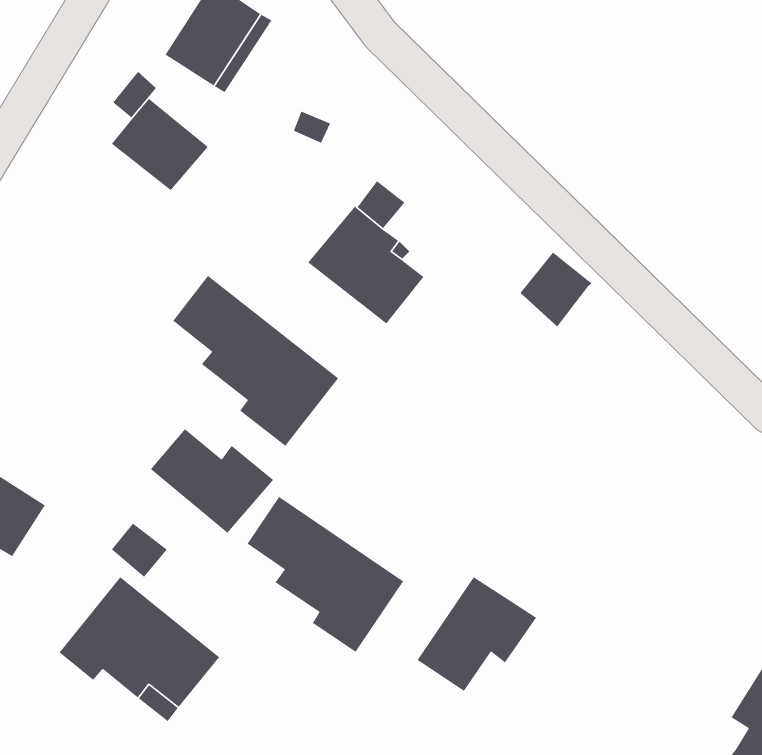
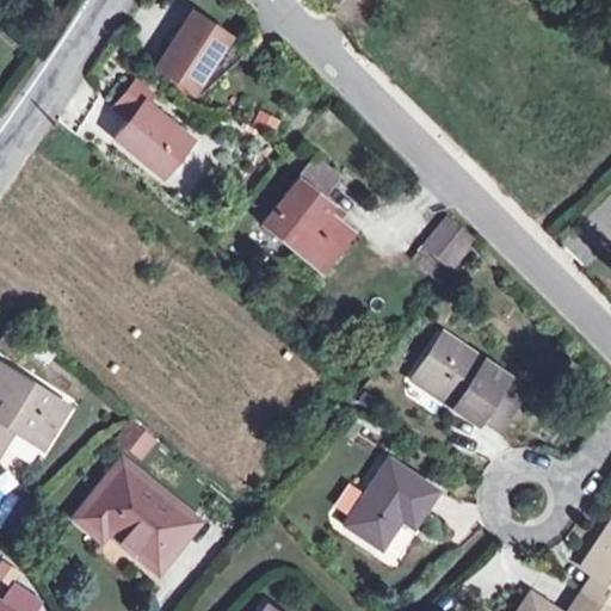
building: [172,275,339,447] -> none
building: none -> [414,338,516,430]
building: [150,428,274,534] -> none
building: [247,496,404,653] -> none

